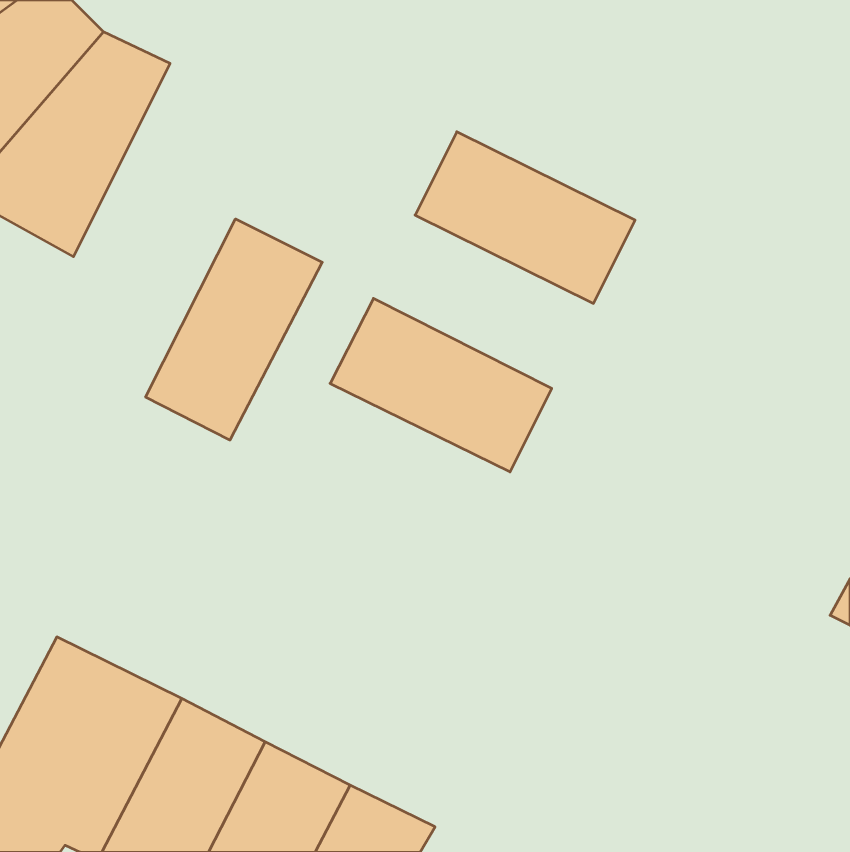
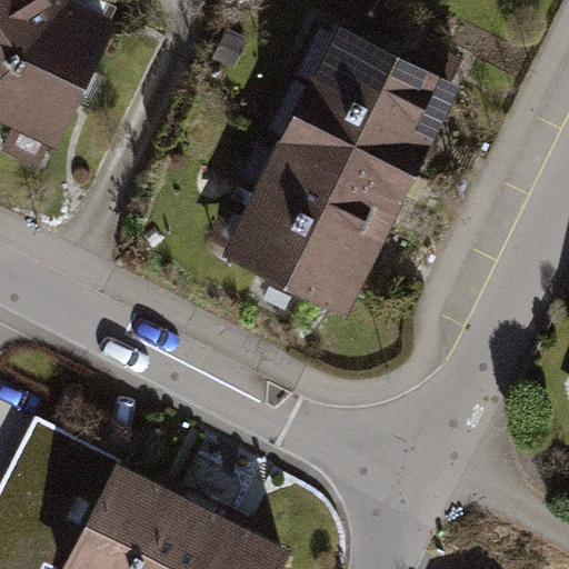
building: none -> [305,31,451,147]
building: none -> [249,143,396,259]
building: [146,219,322,440] -> none

